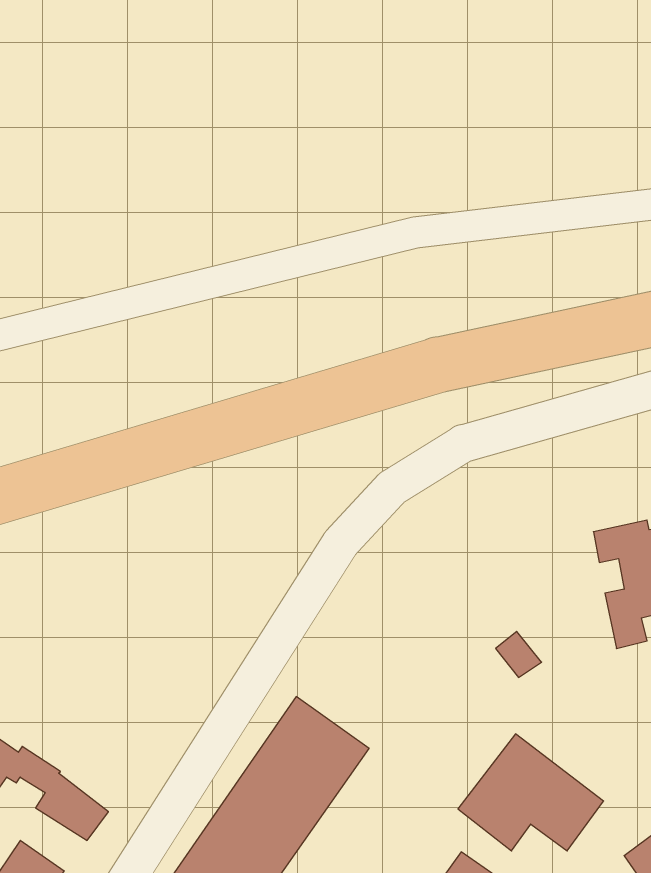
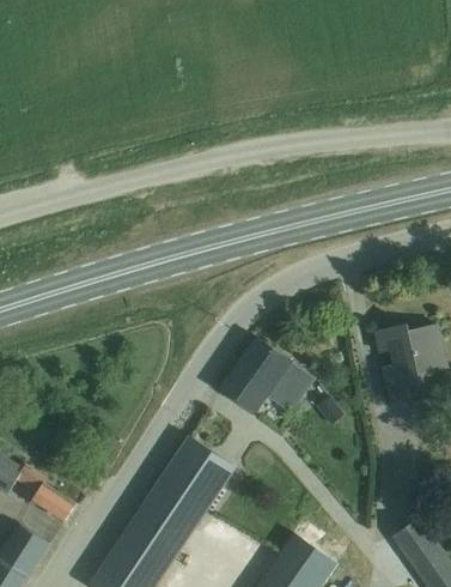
building: [458,734,604,851] -> [221,339,312,412]

